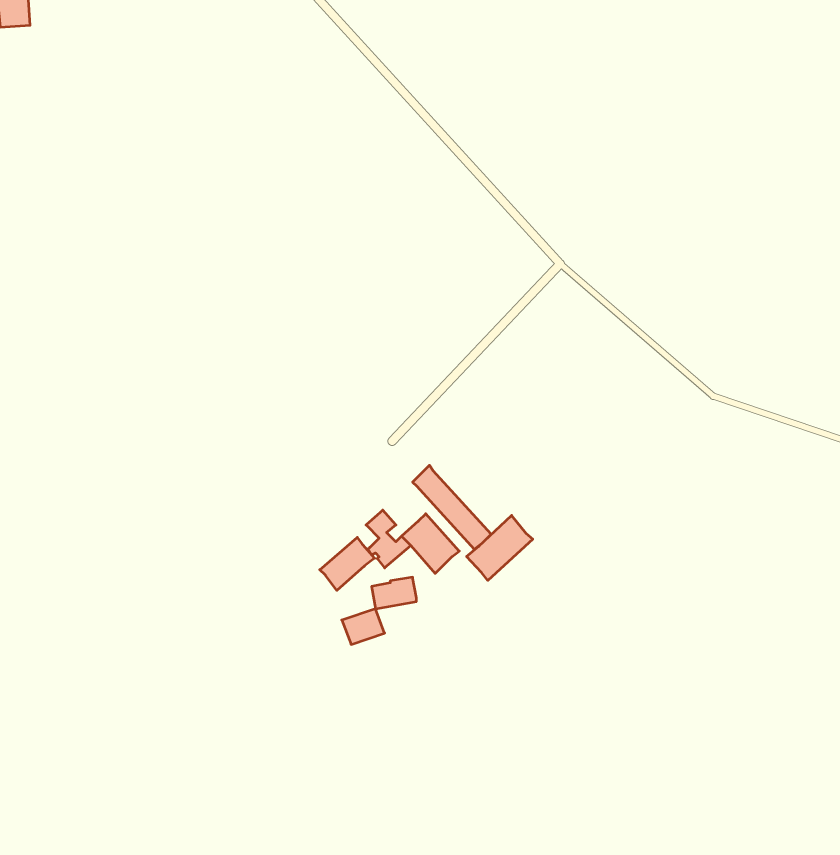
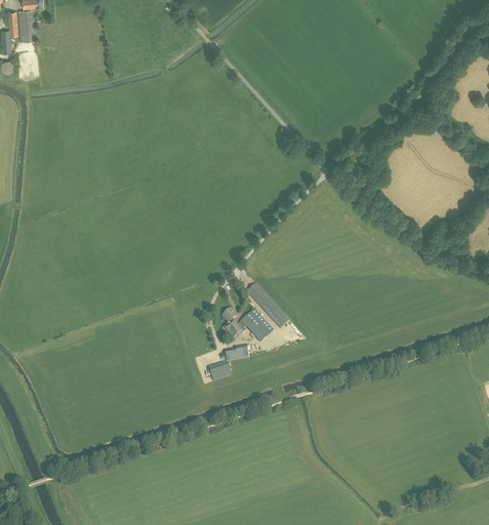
building: [467,515,533,580] -> none
building: [320,537,375,590] -> none

